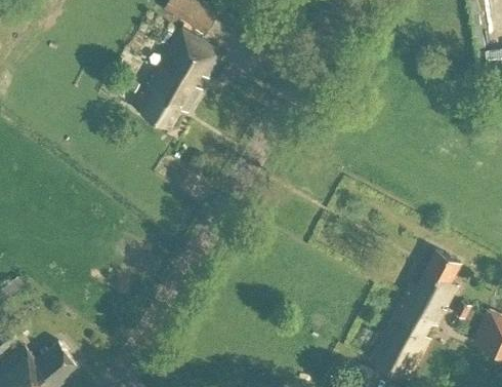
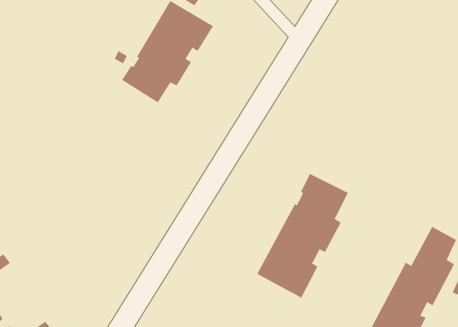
building: none -> [256,173,349,299]

